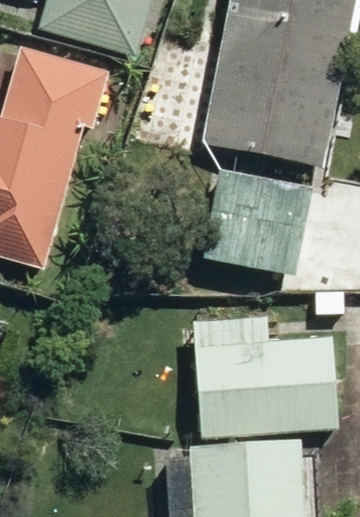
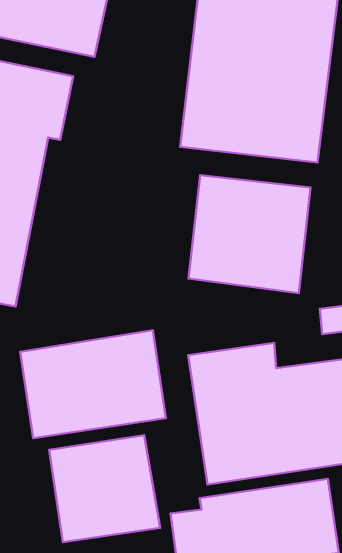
building: none -> [20,330,166,438]
building: none -> [49,435,160,542]

